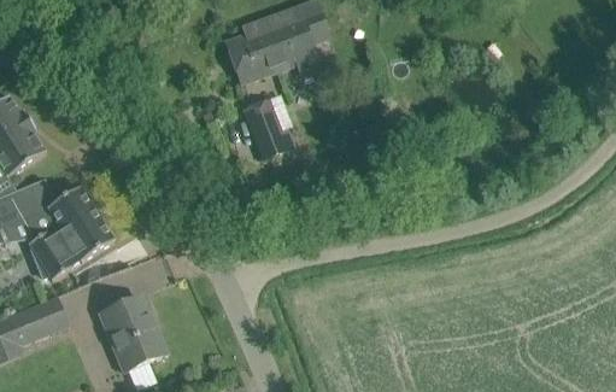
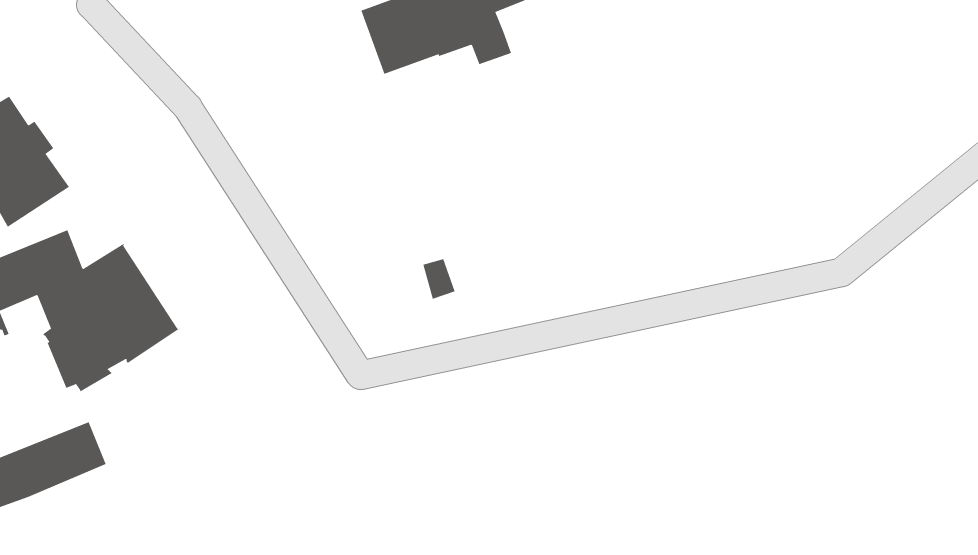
building: [244,93,293,157] -> none
building: [99,296,166,370] -> none

